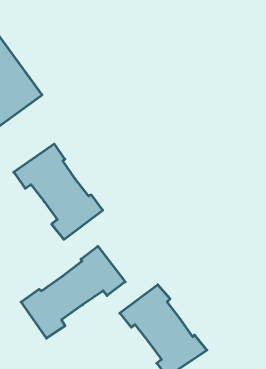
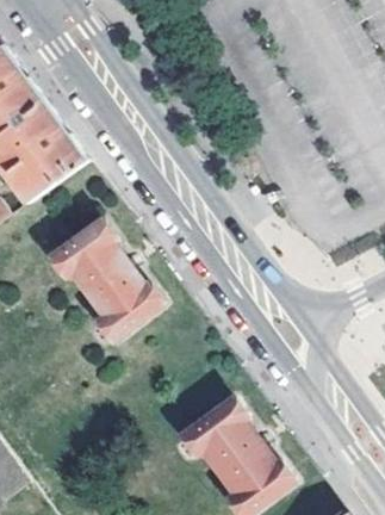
building: [21,246,125,338] -> none

